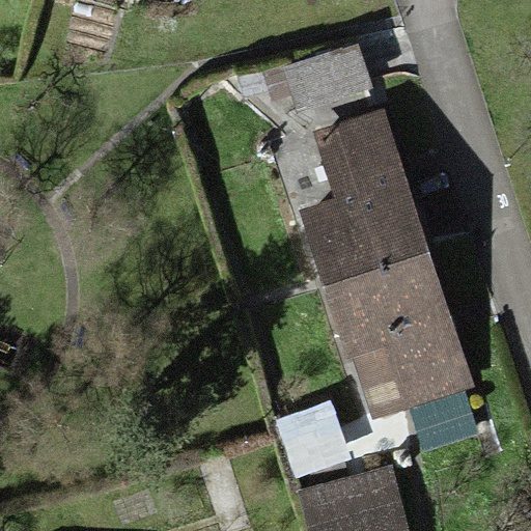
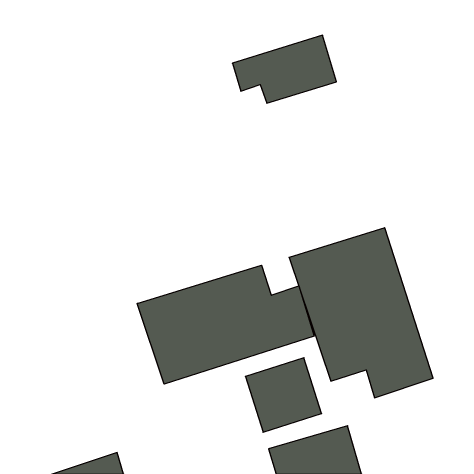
building: [295,105,429,287] -> none
building: none -> [137,265,314,384]

